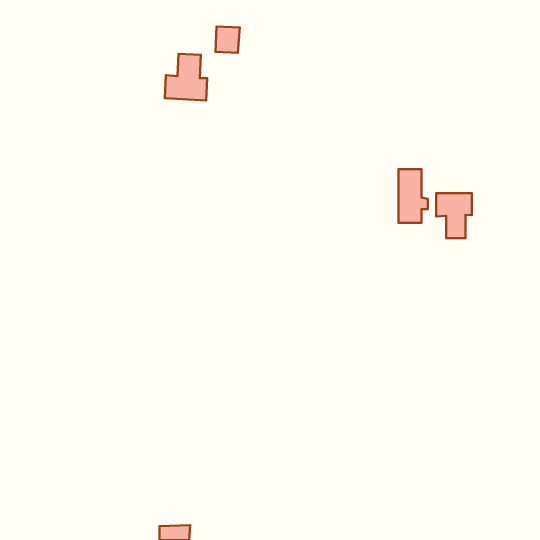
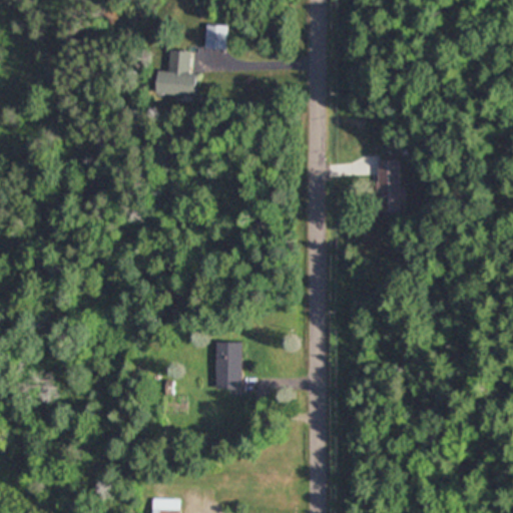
building: [436,193,472,238] -> none
building: none -> [215,341,241,387]

